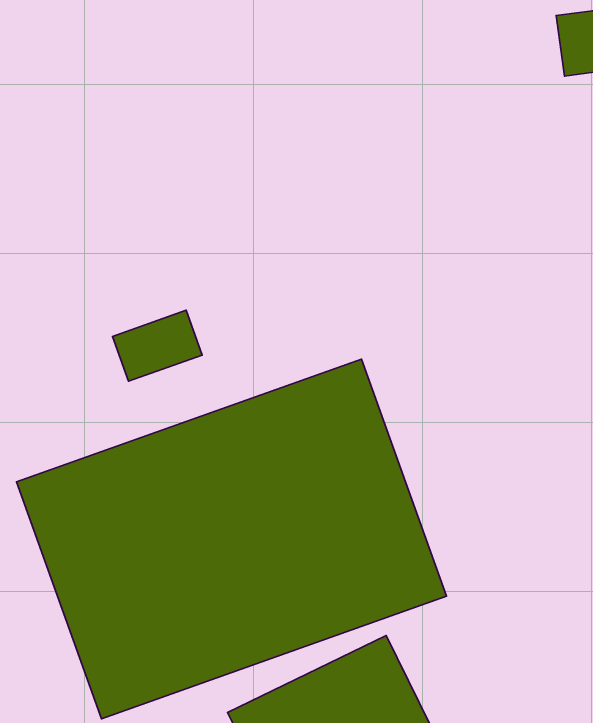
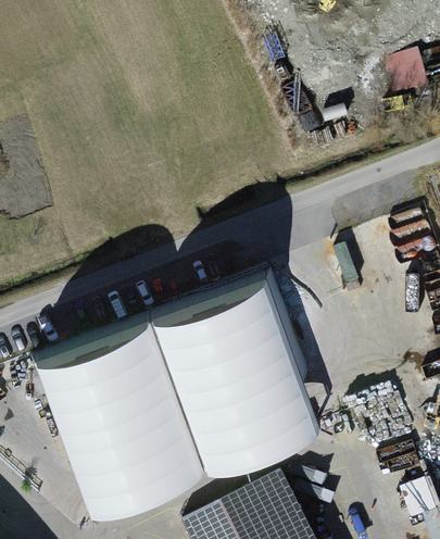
building: [112,310,202,381] -> none

